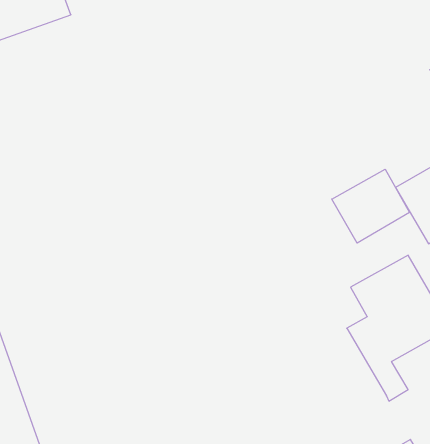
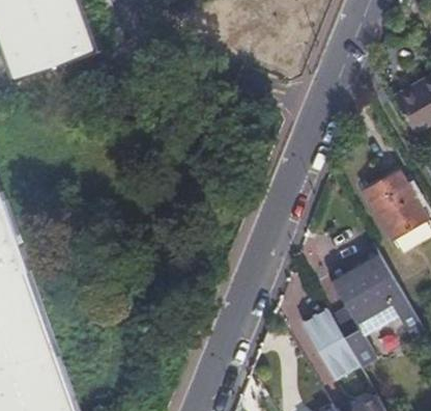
building: [332,169,409,243] -> none
building: none -> [294,306,355,379]

